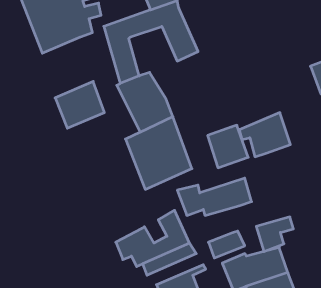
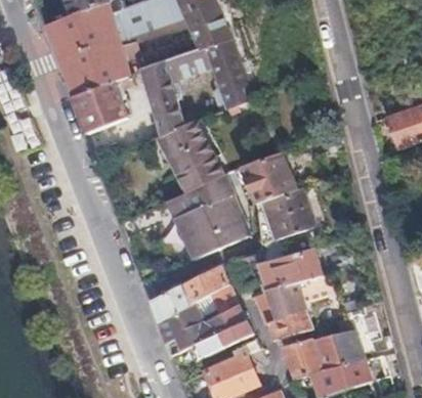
building: [55,81,104,128] -> [71,81,129,136]
building: [239,113,290,157] -> [235,149,295,202]
building: none -> [149,267,227,323]
building: [256,217,293,252] -> [263,280,307,321]

